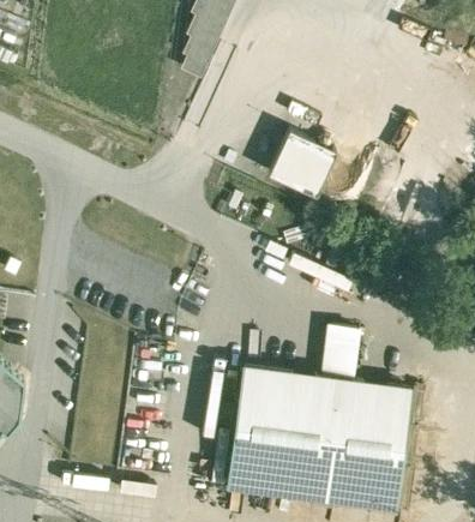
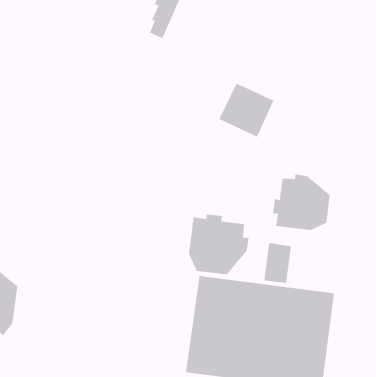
building: none -> [273,173,330,231]
building: none -> [188,213,249,275]

